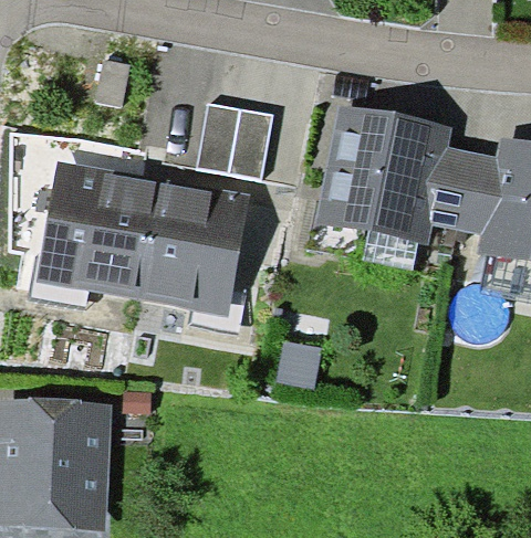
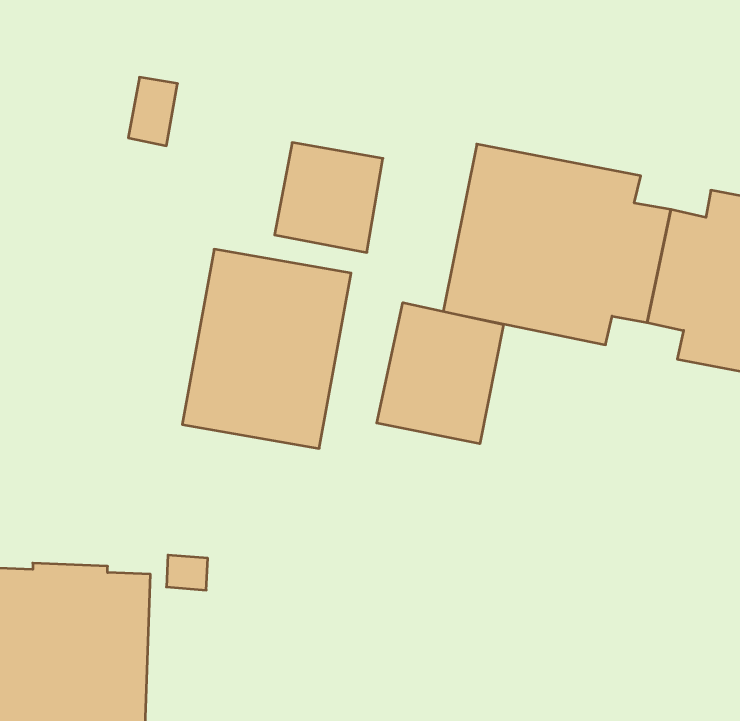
building: [37,160,155,299] -> none
building: none -> [377,303,504,444]

